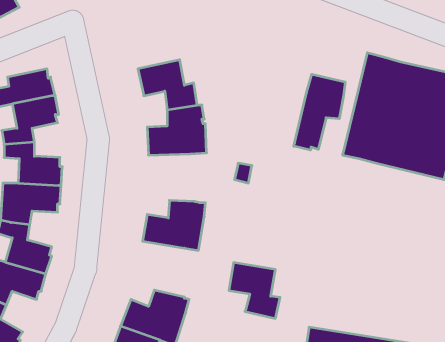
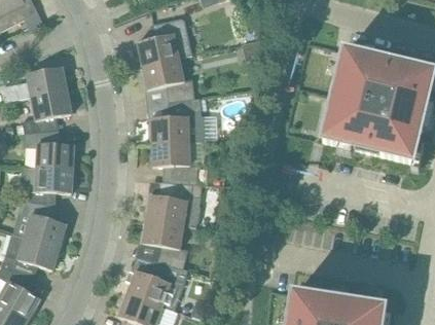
building: none -> [137,15,192,65]
building: [294,74,345,150] -> none
building: none -> [151,140,197,183]
building: [229,263,280,318] -> [142,217,187,266]

